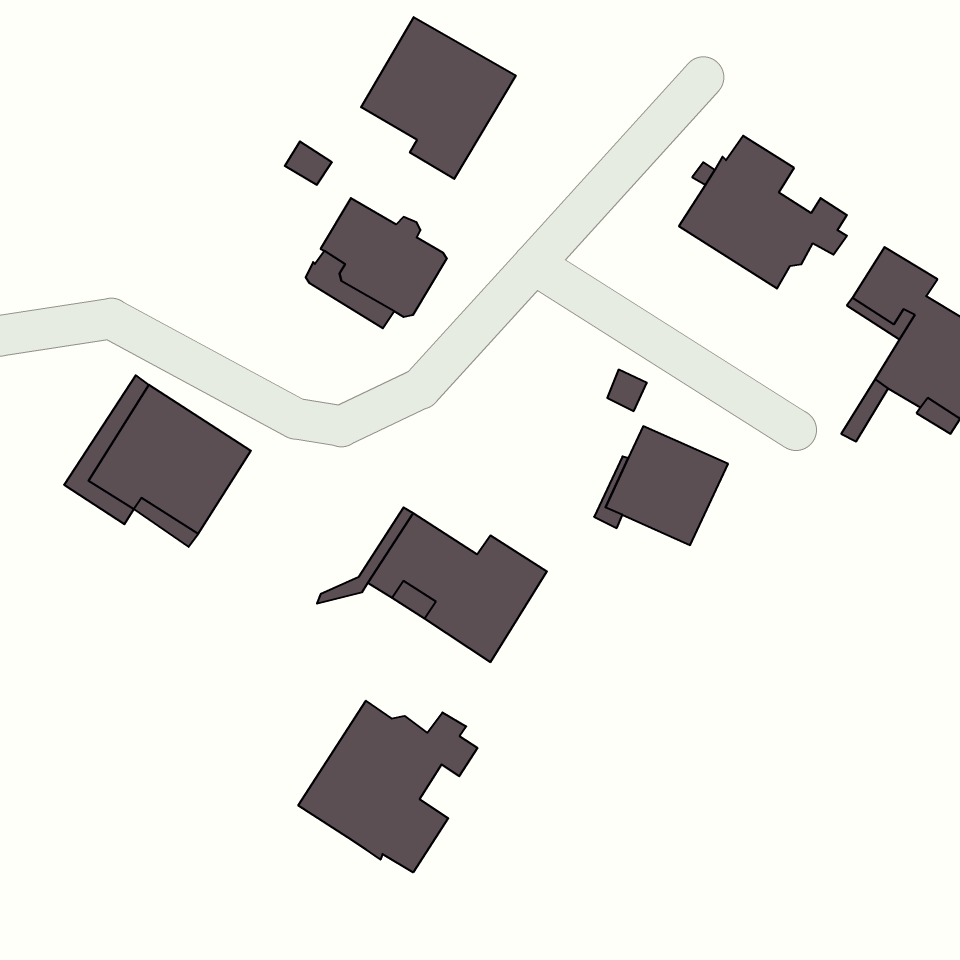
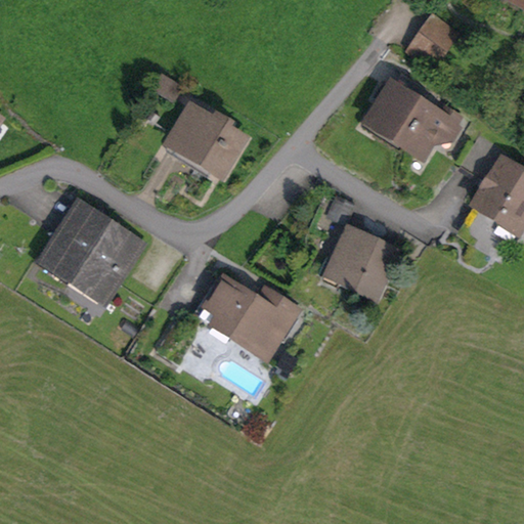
building: [361,17,516,179] -> none
building: none -> [412,18,457,68]
building: [298,701,477,872] -> none

